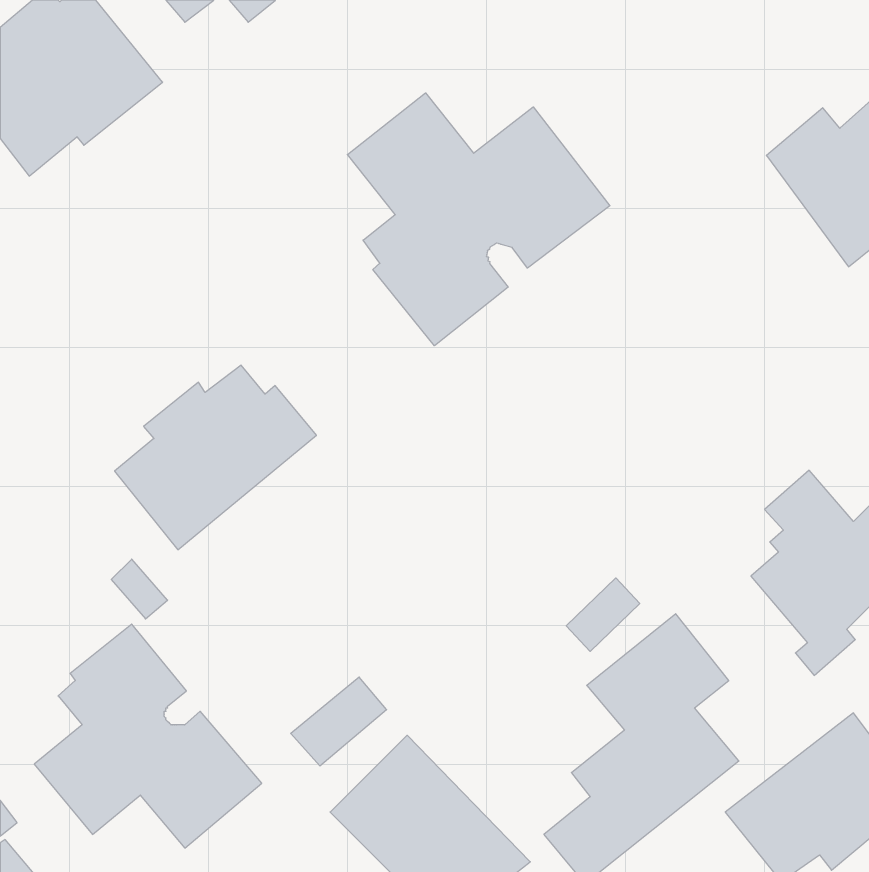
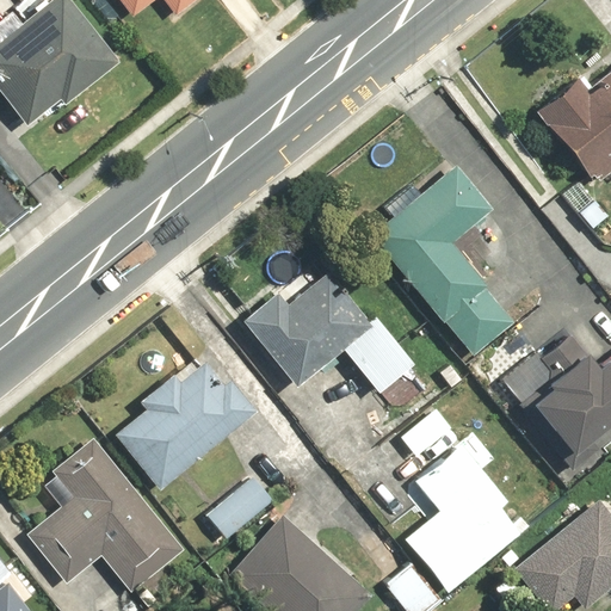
building: [347,93,610,346] -> none
building: none -> [372,163,512,357]
building: [115,365,316,550] -> [116,360,257,489]
building: none -> [242,270,425,408]

